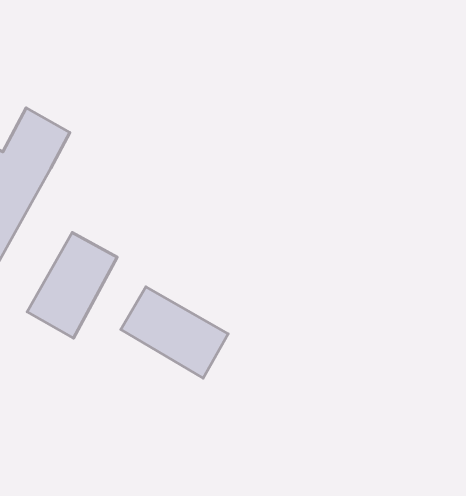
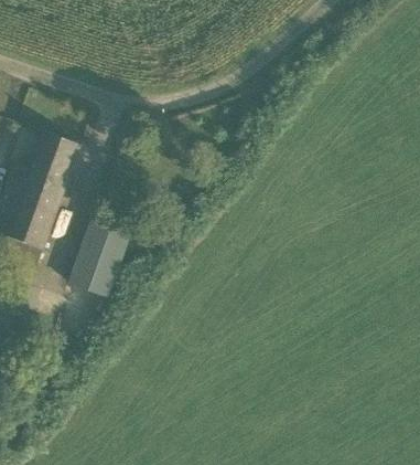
building: [121,287,228,378] -> none

